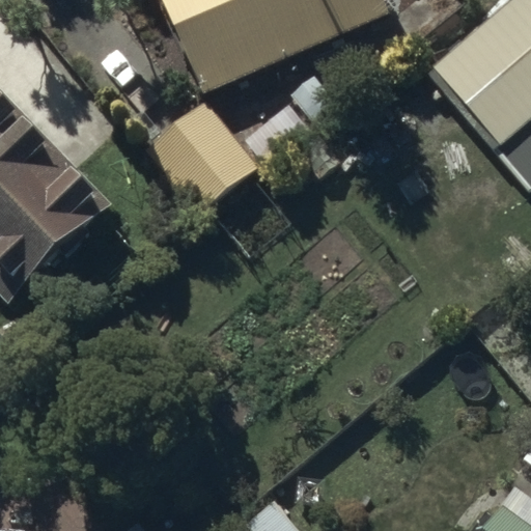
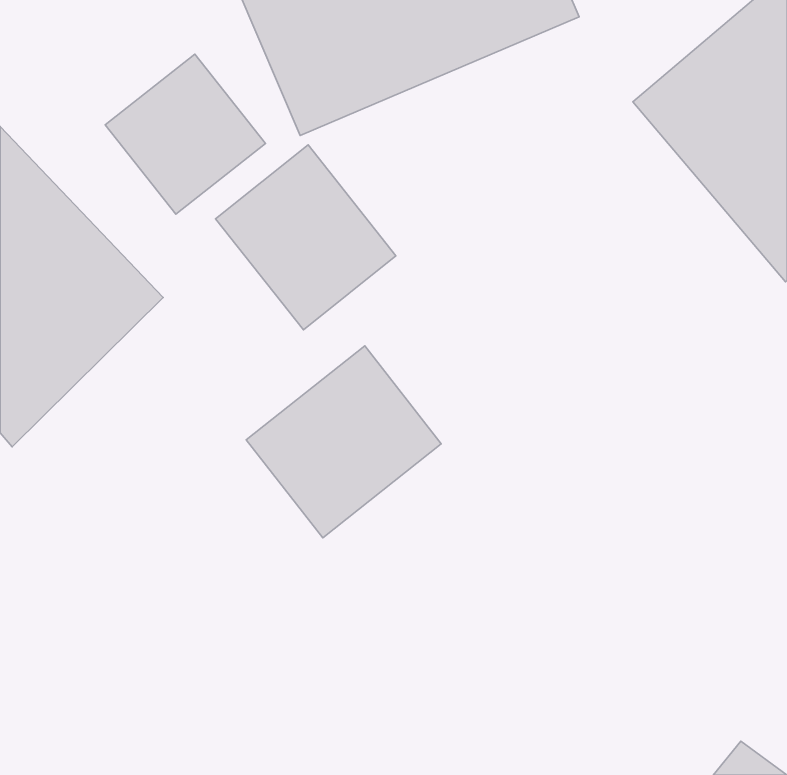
building: none -> [105,54,266,214]
building: none -> [246,346,441,538]

